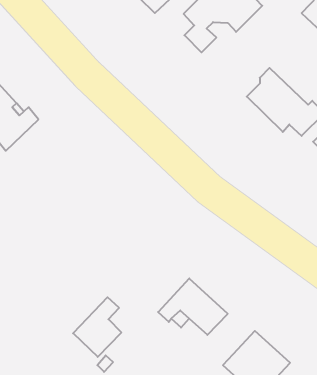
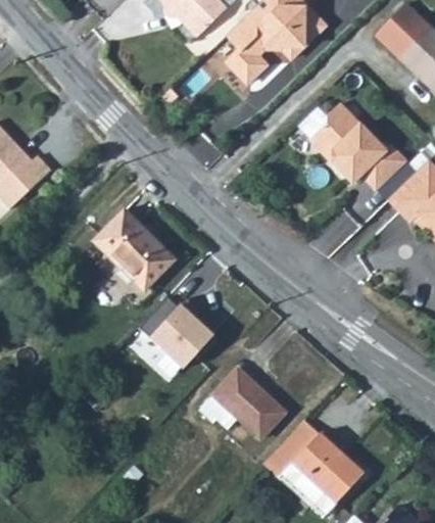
building: none -> [92,207,174,287]
building: [73,297,121,357] -> [146,294,206,369]
building: none -> [263,419,319,476]

